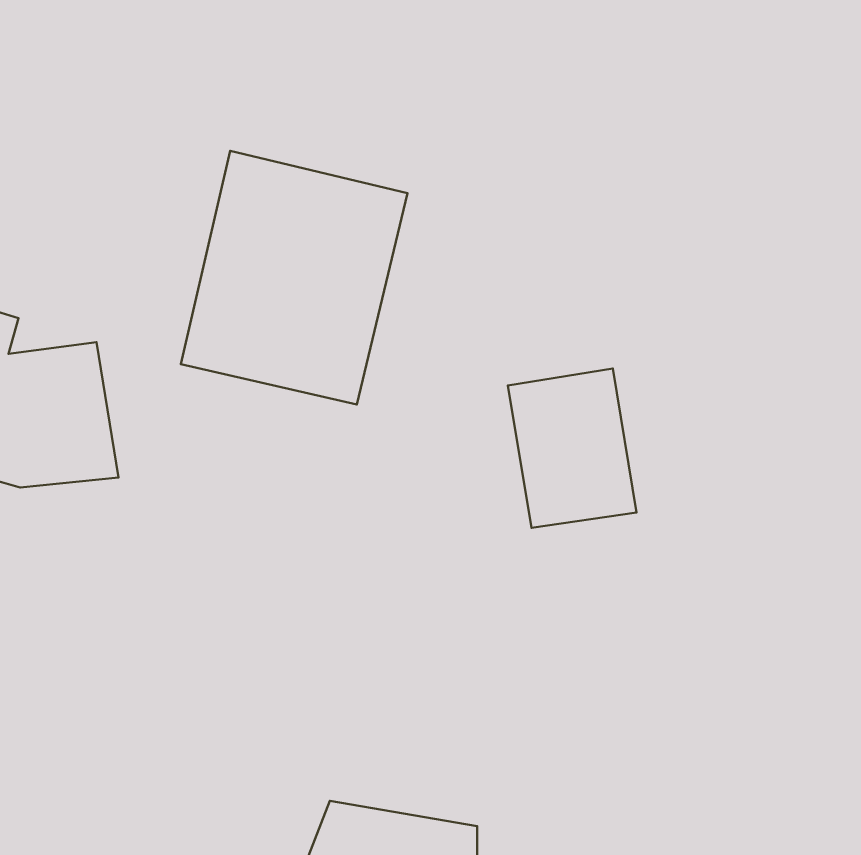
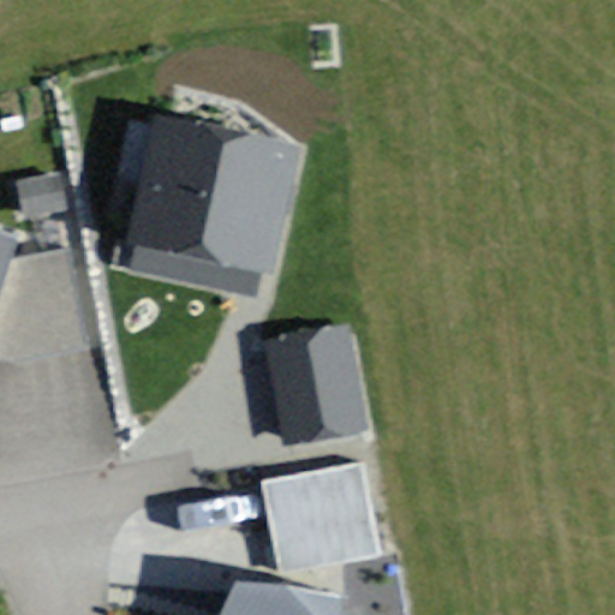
building: [508,369,636,528] -> [268,328,359,441]
building: none -> [264,467,376,573]

